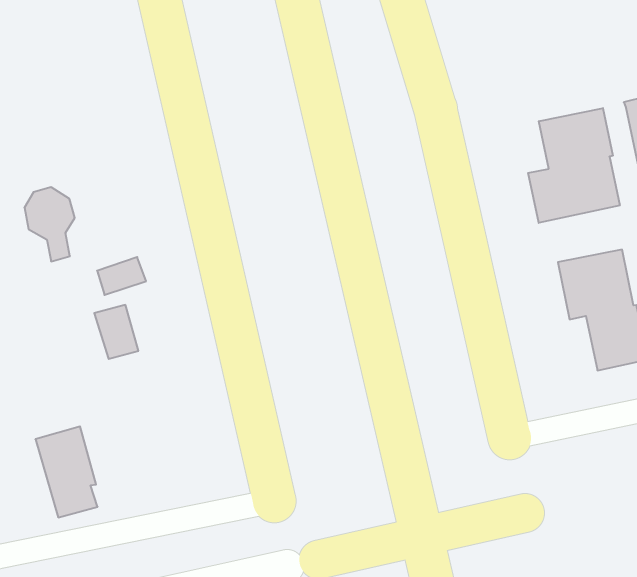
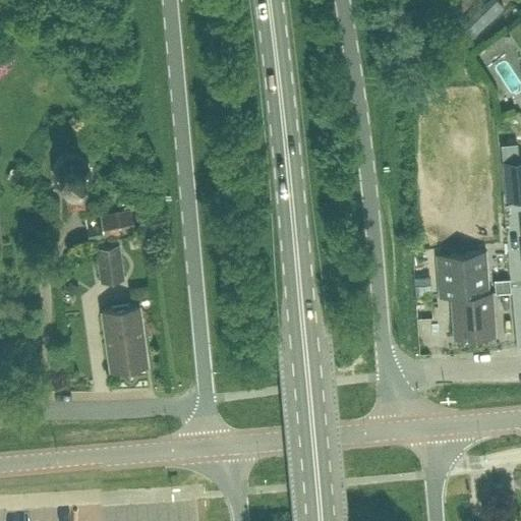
building: [528,108,620,223] -> none
building: [35,426,98,517] -> [104,308,143,372]

